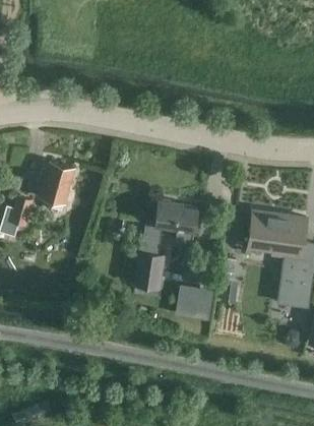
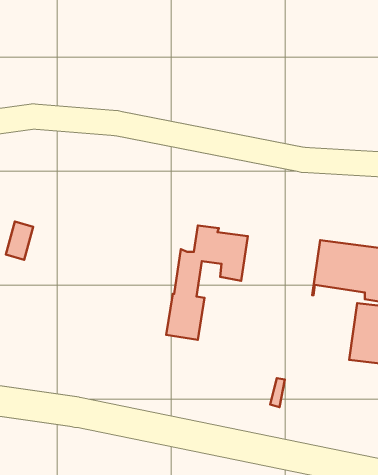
building: [40,161,75,212] -> none
building: [175,287,214,323] -> none

